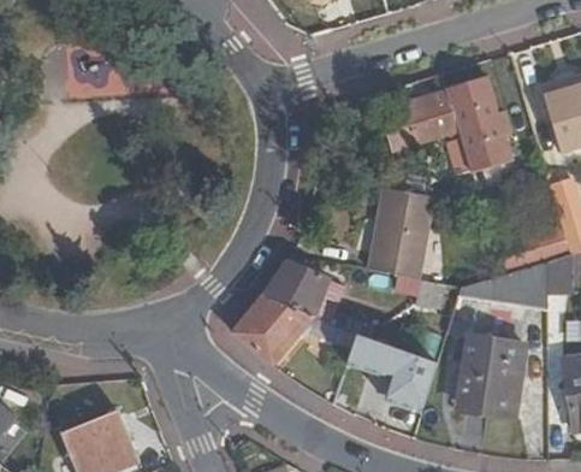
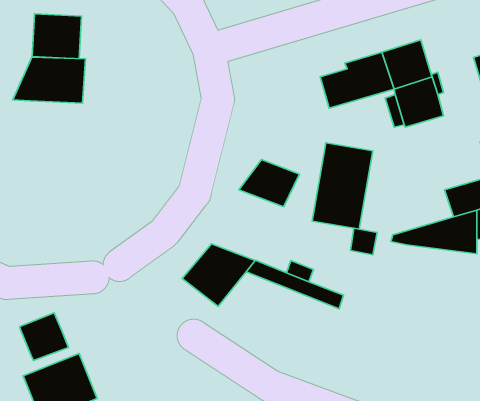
building: none -> [13,57,86,103]
building: [262,262,327,313] -> [239,160,299,207]
building: [458,335,524,415] -> none
building: [389,350,433,408] -> none
building: none -> [20,313,69,361]

